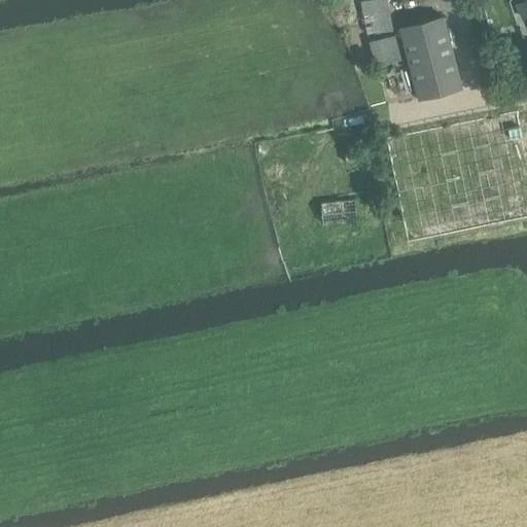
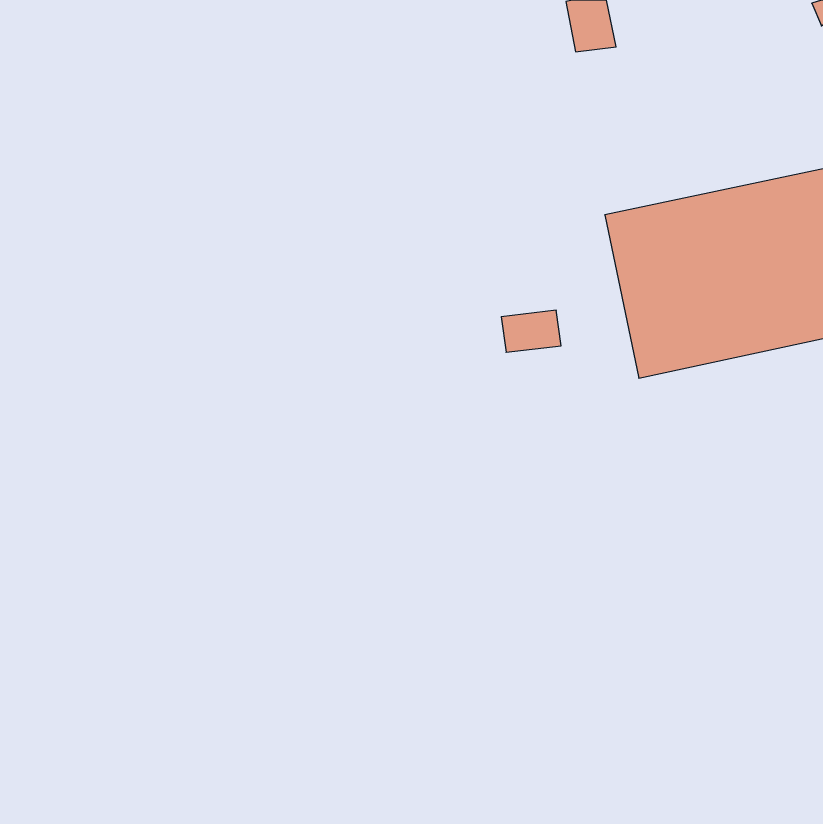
building: [400,15,464,99] -> none
building: [370,34,402,65] -> none

